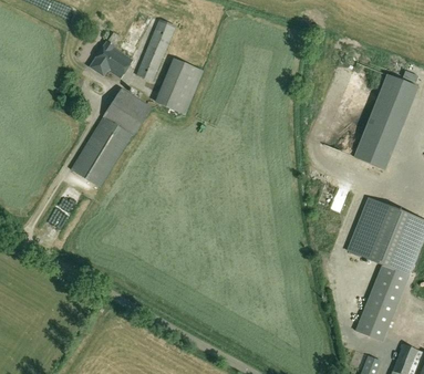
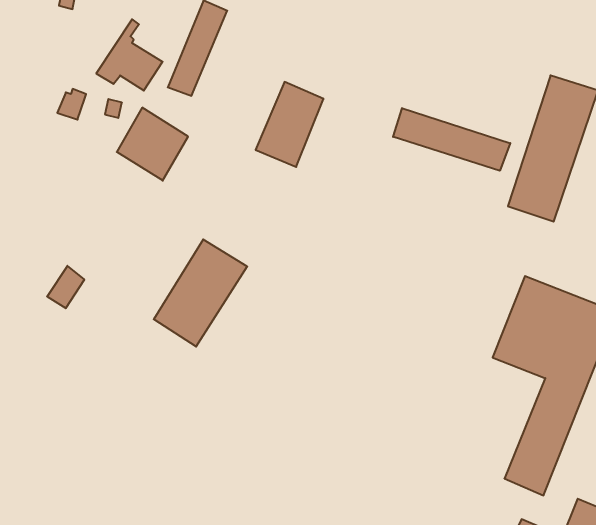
building: [158,60,203,115] -> [256,82,324,167]
building: none -> [393,108,510,171]
building: [71,117,132,187] -> [154,239,247,347]

